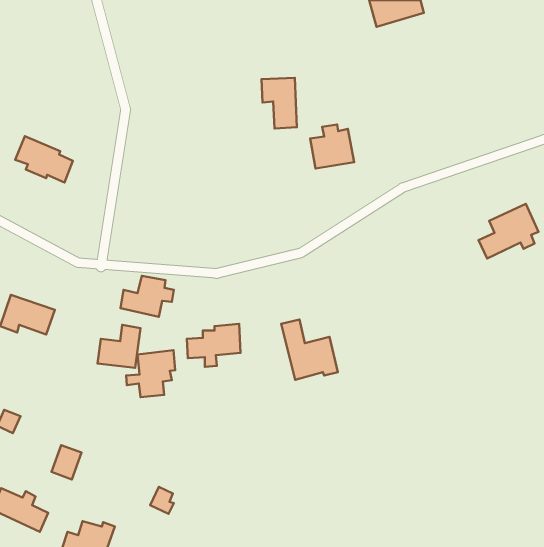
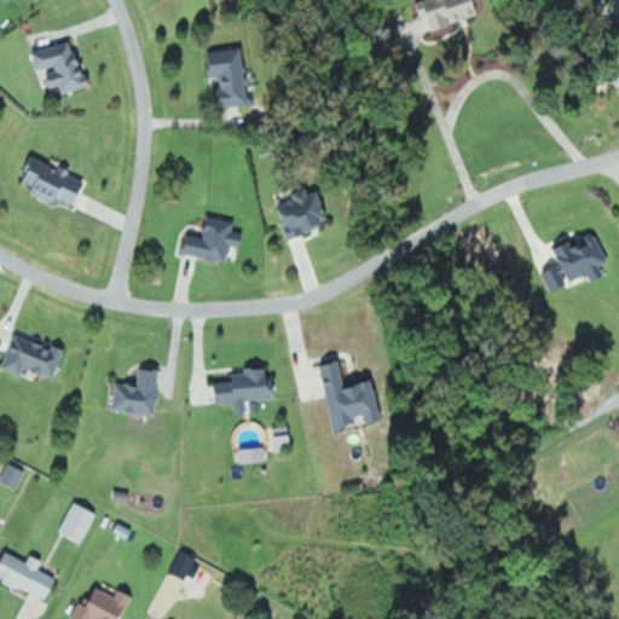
building: none -> [29,41,85,93]
building: [261,78,297,128] -> [204,50,244,106]
building: [310,125,354,169] -> [276,187,325,237]
building: [120,276,174,317] -> [181,218,242,264]
building: [126,350,175,397] -> none

